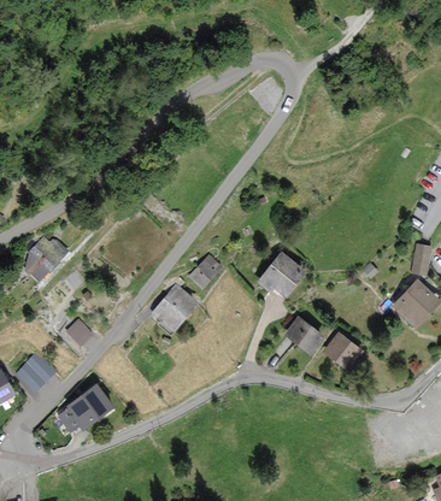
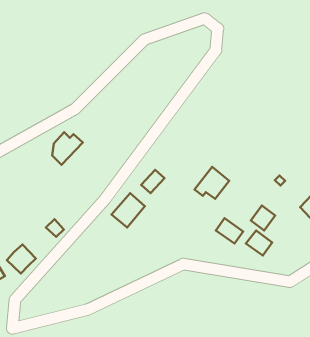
building: [27,237,66,279] -> [52,132,83,165]
building: none -> [251,206,275,230]
building: [59,385,111,430] -> none

